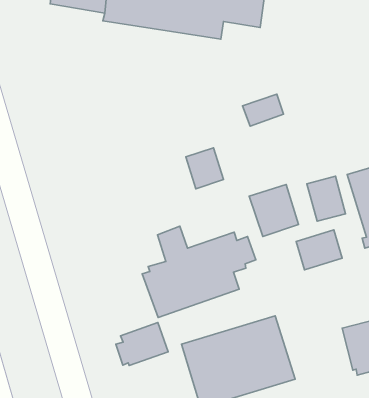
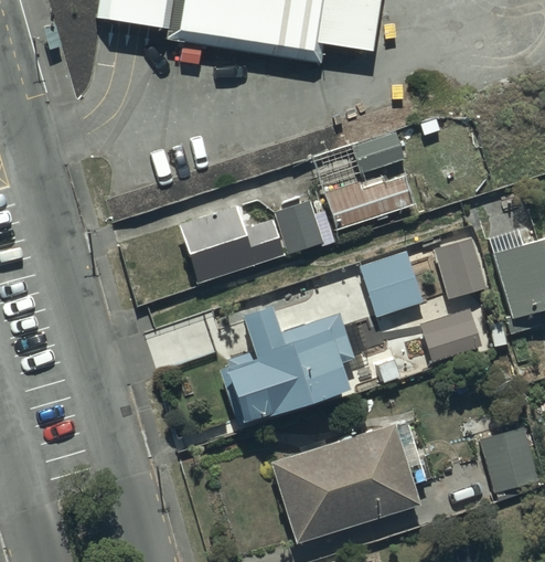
building: none -> [325,176,416,231]
building: none -> [180,206,287,284]
building: [116,323,168,365] -> none

